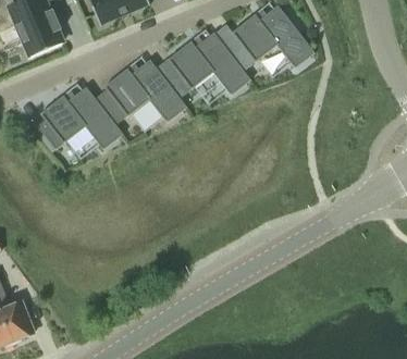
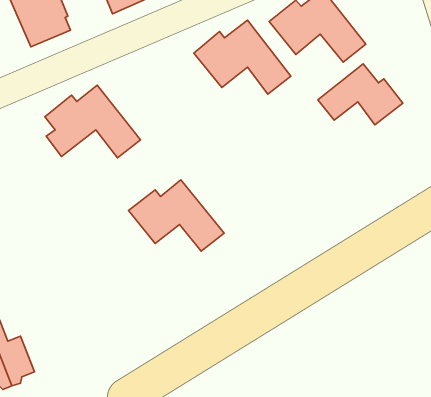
building: [104,61,186,122] -> [129,180,224,251]
building: none -> [318,64,403,125]

